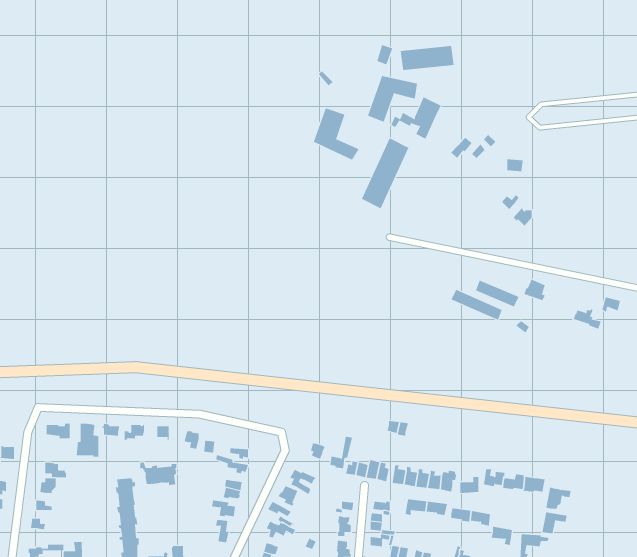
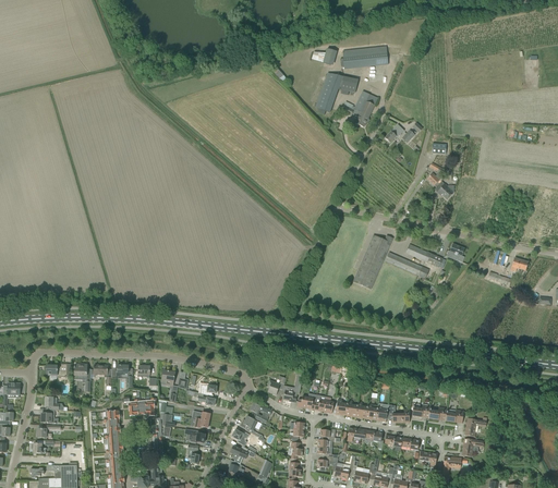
building: [313,108,360,160] -> none
building: [361,138,409,209] -> none
building: none -> [352,235,391,289]

